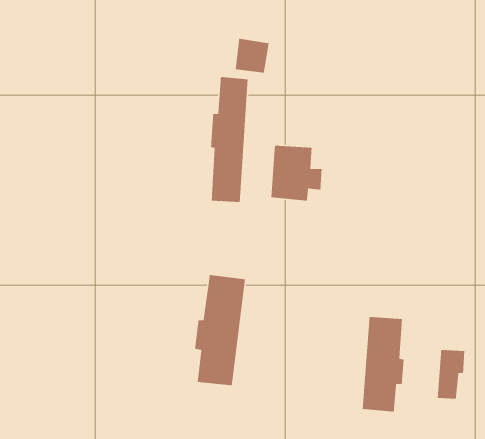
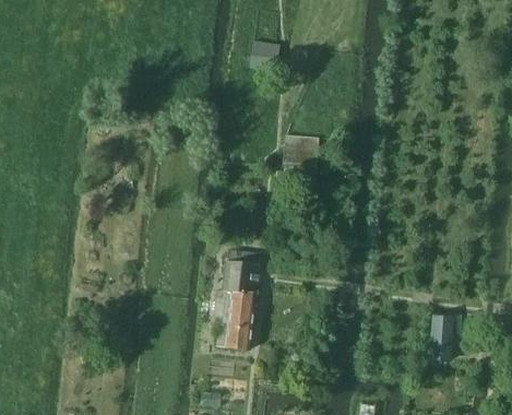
building: [210,76,249,203] -> none
building: [362,316,405,413] -> none

